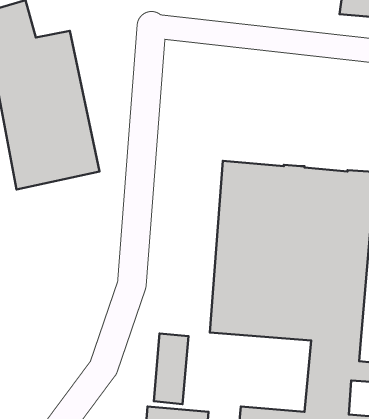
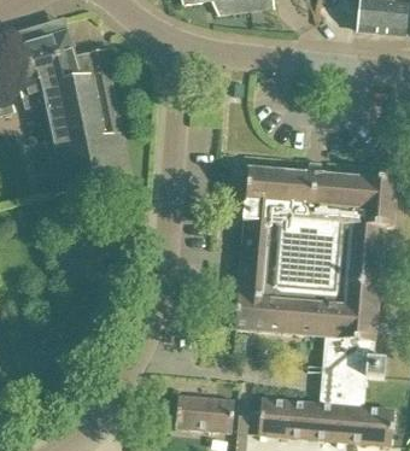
building: [154,333,188,404] -> none

